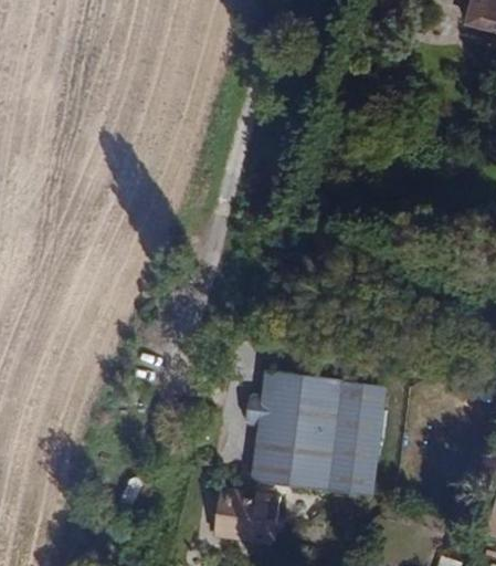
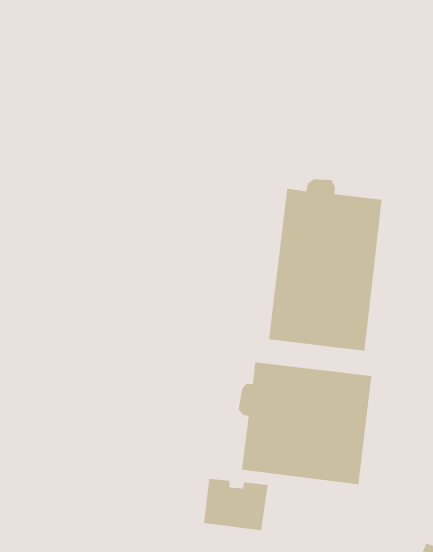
building: none -> [269,178,382,352]

